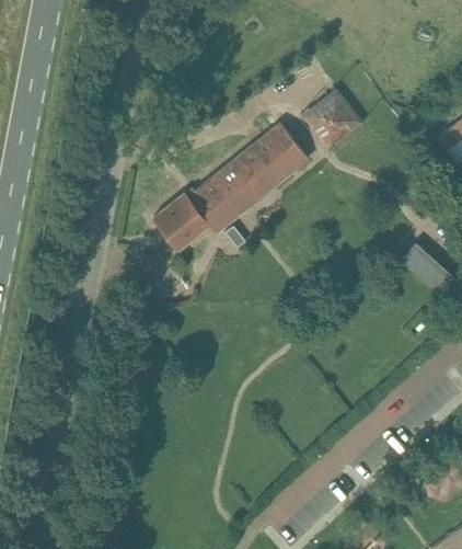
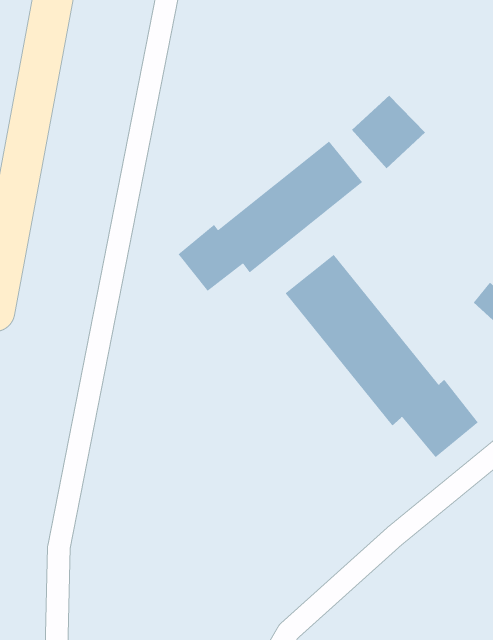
building: none -> [285,254,479,458]

